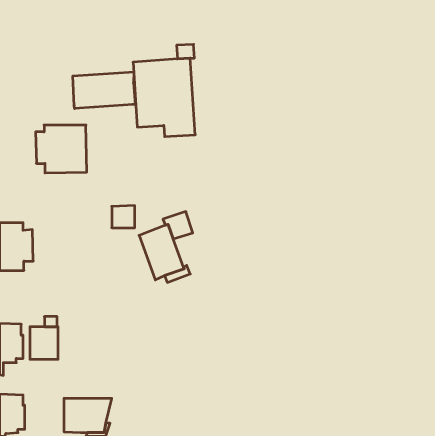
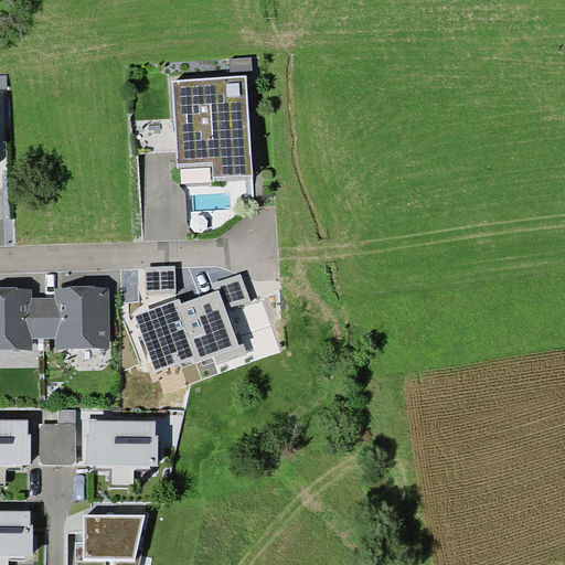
building: [73,72,135,109] -> none
building: [36,125,87,173] -> [42,288,108,350]
building: none -> [134,299,201,372]
building: none -> [87,420,158,487]

